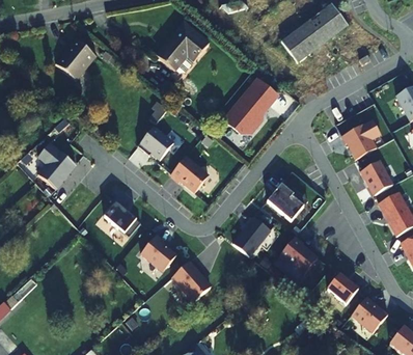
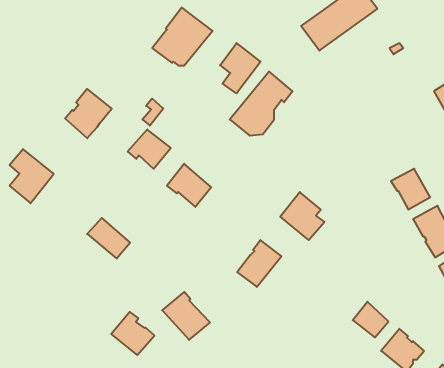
building: [56,39,95,81] -> [65,89,112,138]
building: none -> [220,43,261,93]
building: [340,118,380,159] -> none
building: [139,236,175,272] -> [111,312,154,355]
building: [279,237,318,274] -> none

